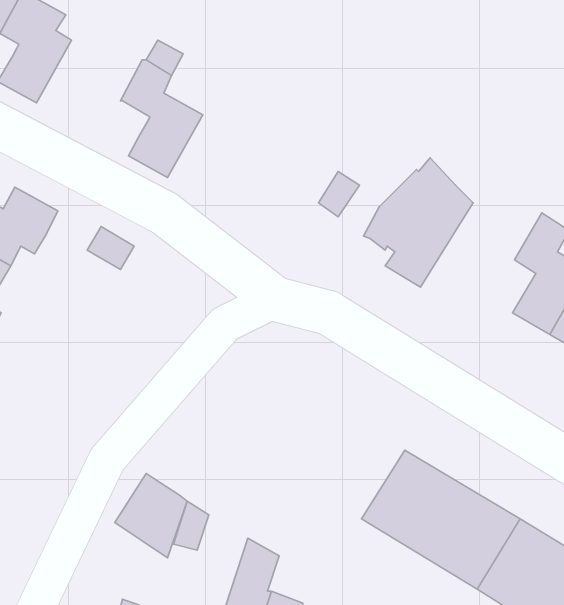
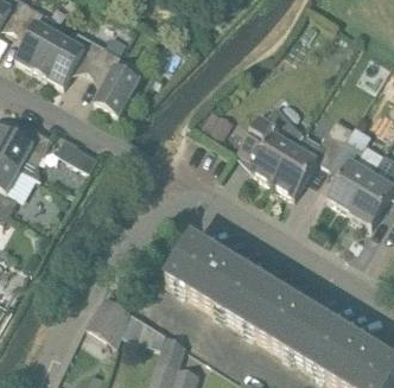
building: none -> [38,30,101,84]
building: none -> [271,127,344,196]
building: none -> [165,237,261,322]

